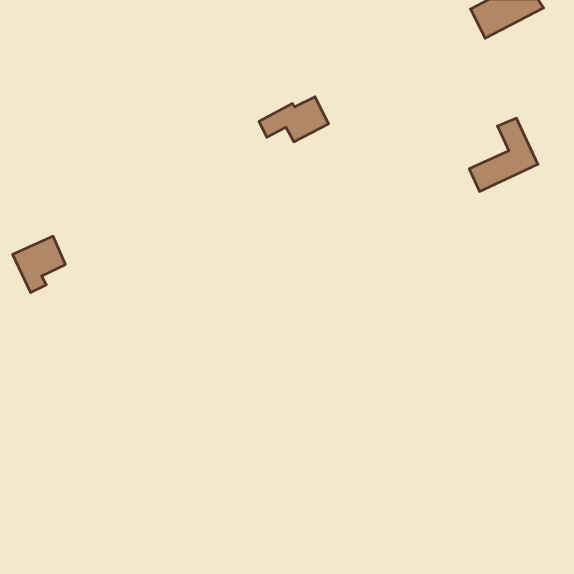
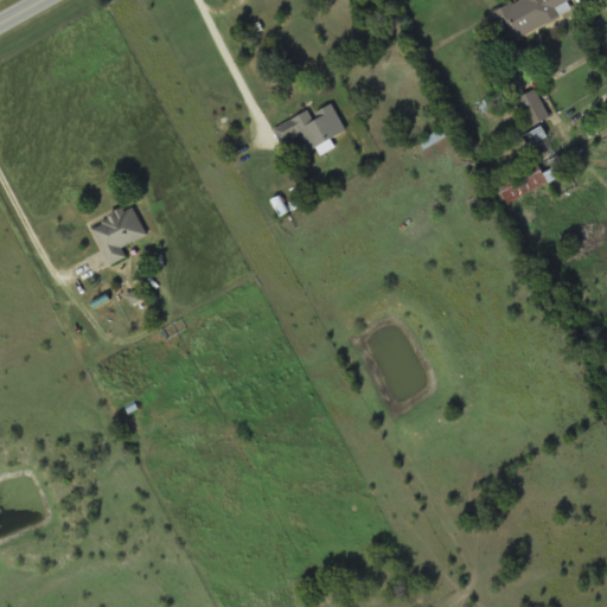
building: none -> [518,89,549,124]
building: [13,236,65,293] -> [90,205,146,264]

